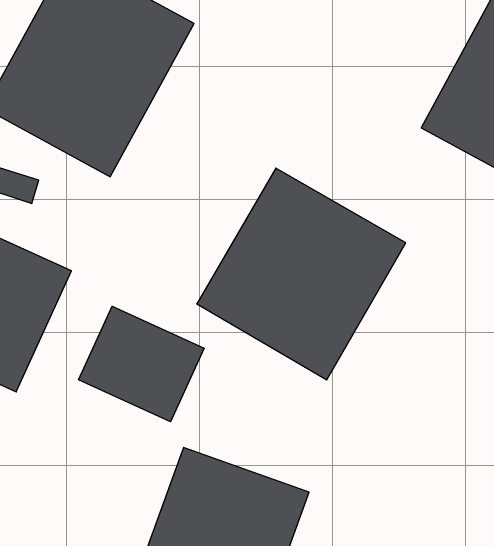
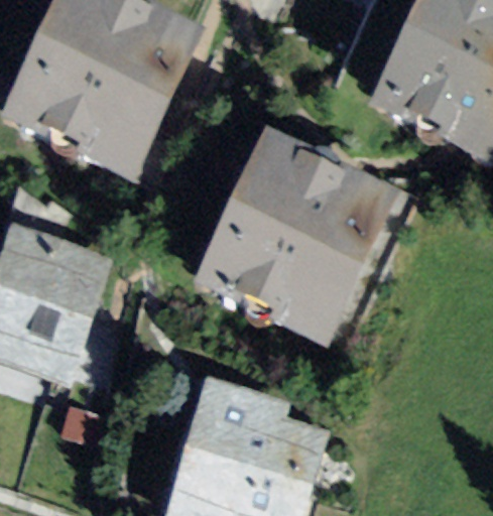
building: [78,306,204,422] -> none

